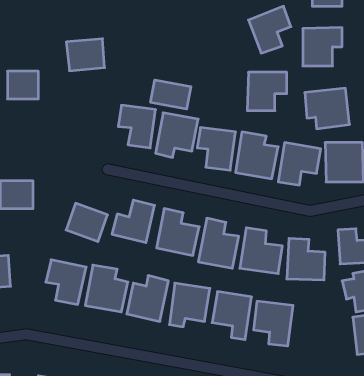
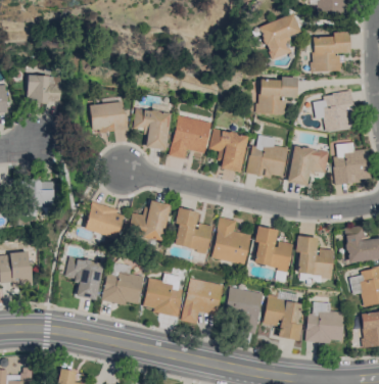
building: [66,39,105,71] -> [90,101,127,132]
building: [151,80,191,109] -> none
building: none -> [307,301,343,342]

